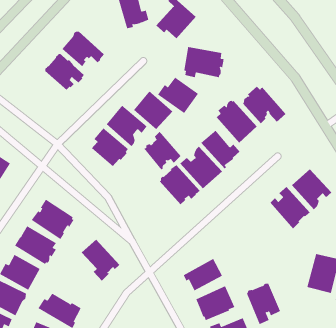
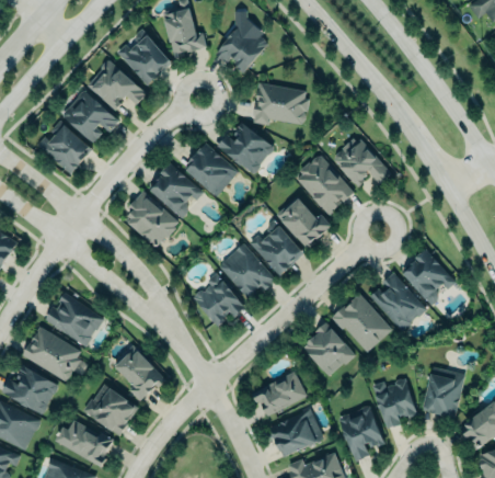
building: none -> [116,27,172,88]
building: none -> [37,121,92,175]
building: [143,131,182,170] -> [193,273,245,327]
building: none -> [332,293,392,352]
building: none -> [303,320,356,376]
building: none -> [371,378,417,429]
building: none -> [82,384,139,436]

